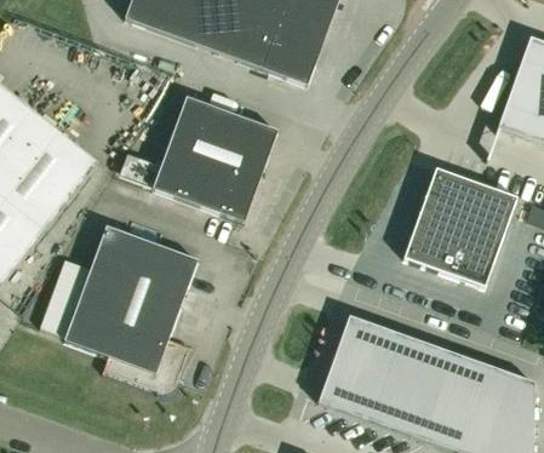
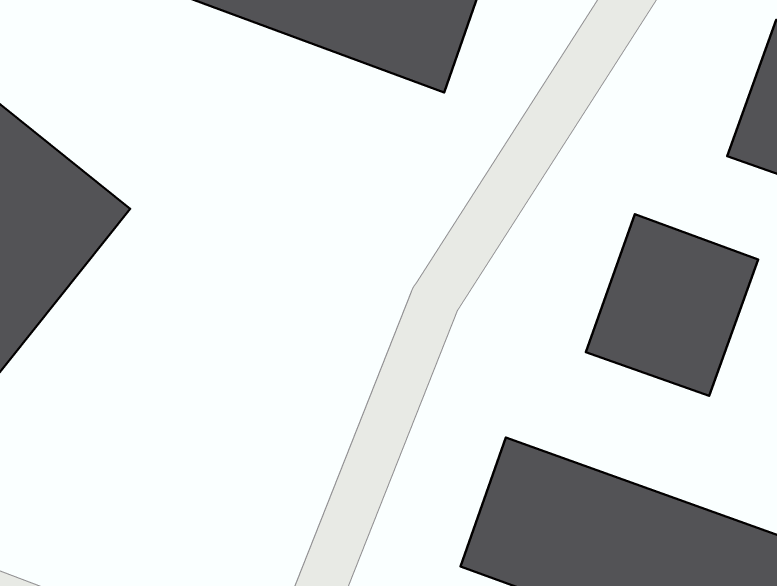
building: [151,96,276,222] -> none
building: [63,225,196,392] -> none

